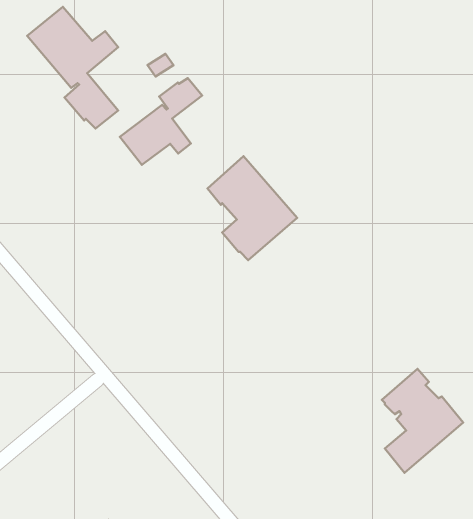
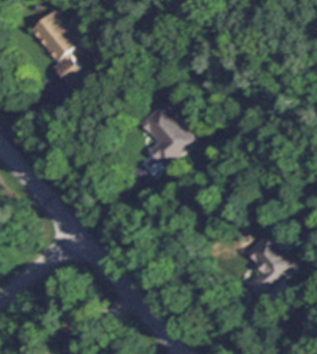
building: [120,78,202,165] -> none

